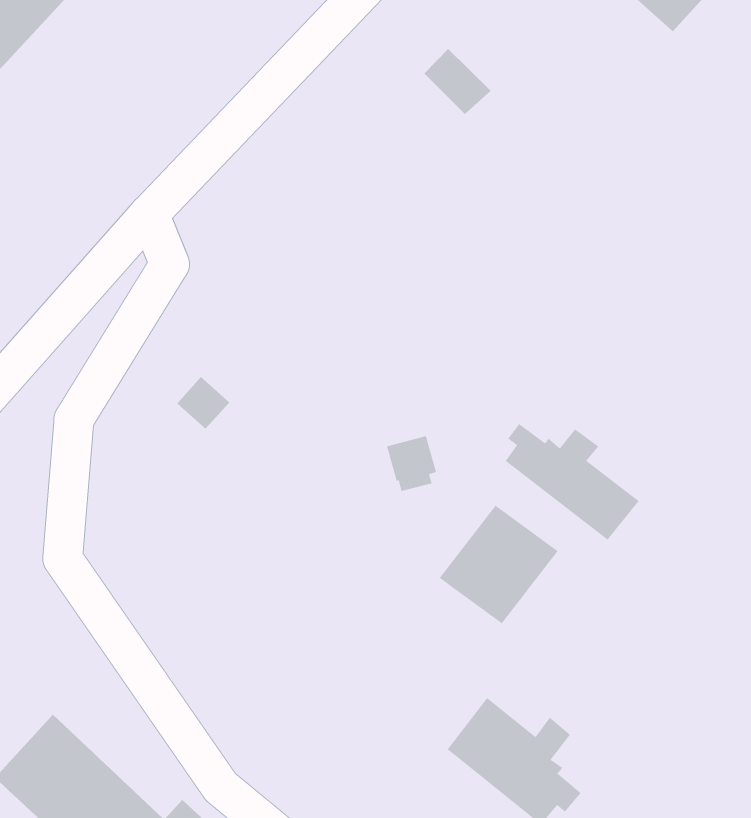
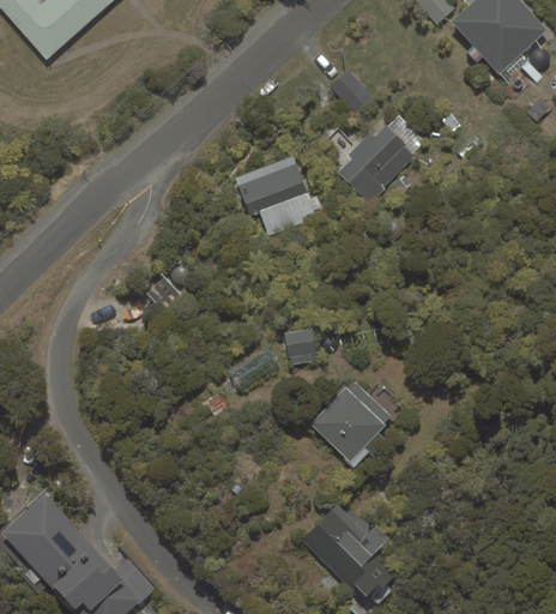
building: none -> [339,127,415,204]
building: none -> [235,157,315,236]
building: [505,423,639,540] -> none

